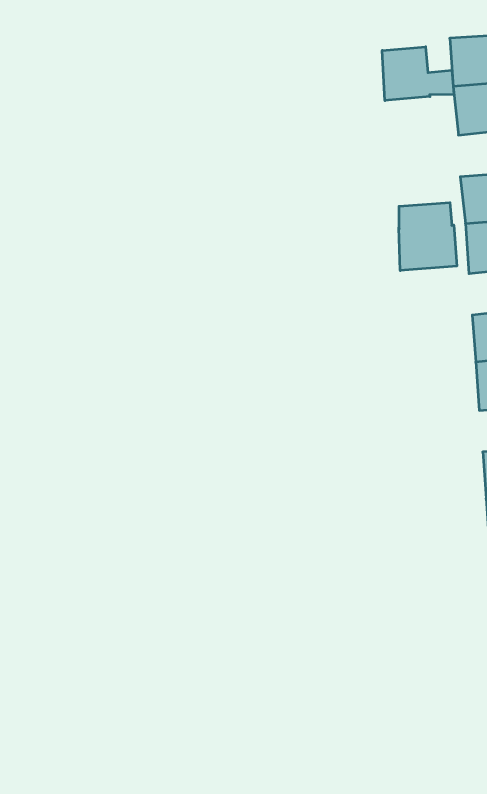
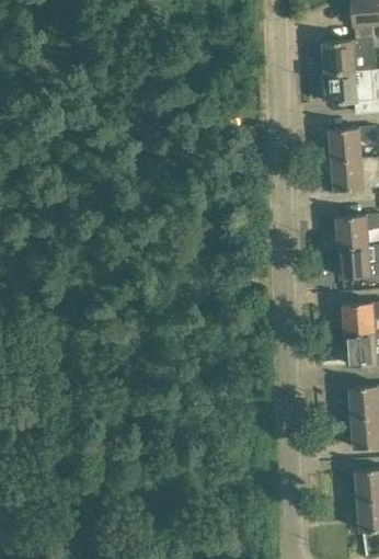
building: [382,47,454,101] -> none
building: [399,203,457,271] -> none

